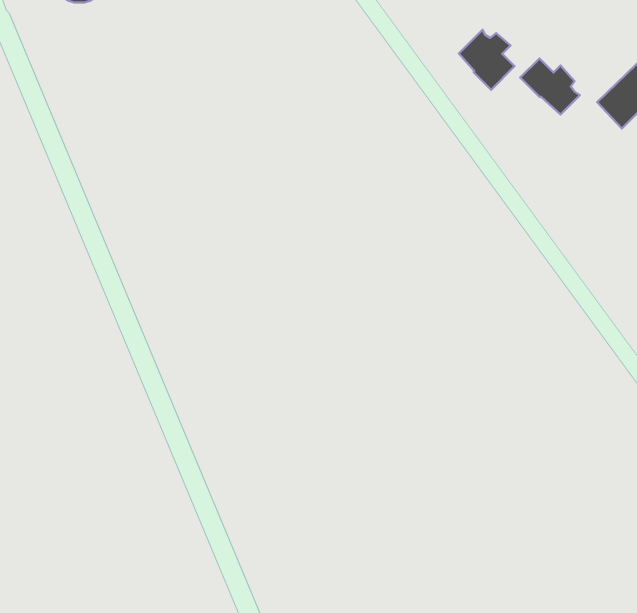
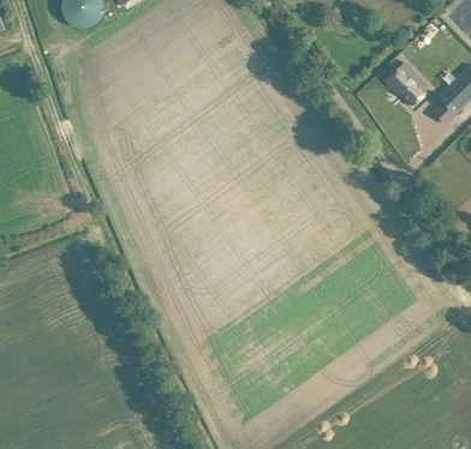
building: [459,30,515,90] -> none

